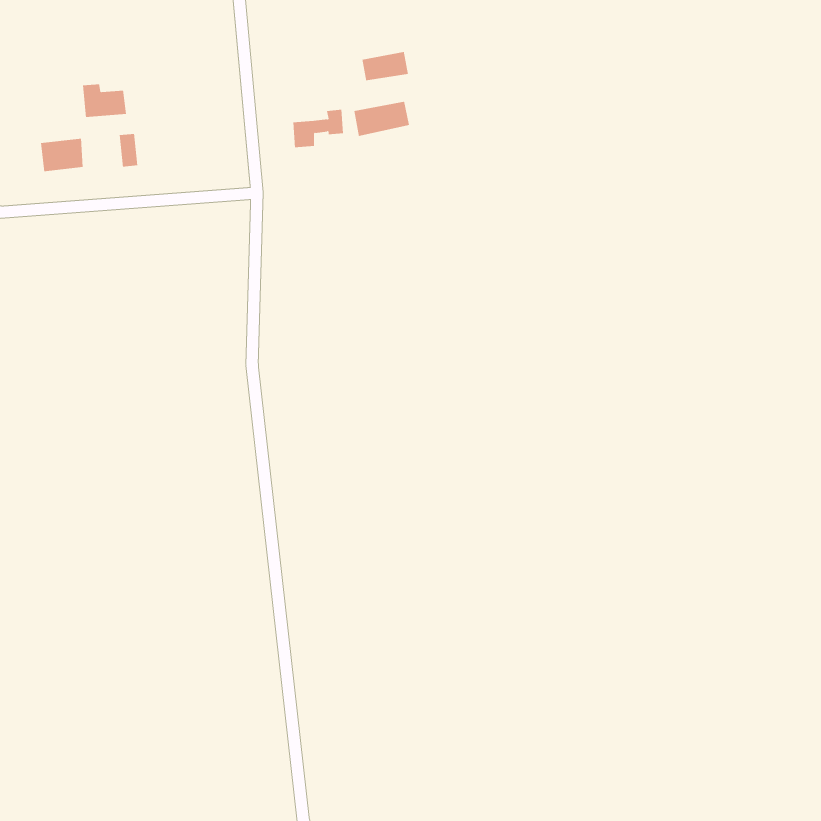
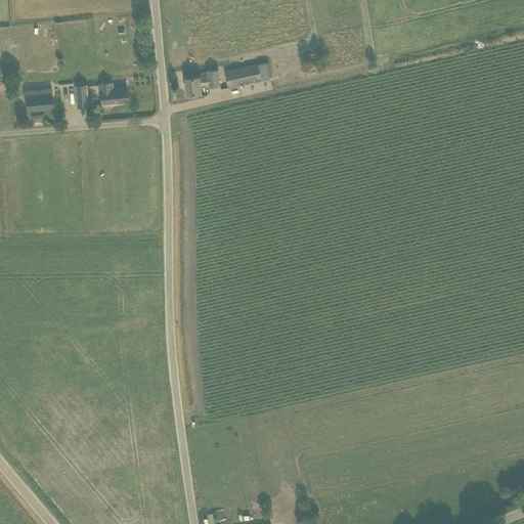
building: [362,51,409,81] -> none
building: [82,84,127,117] -> [100,83,129,104]

